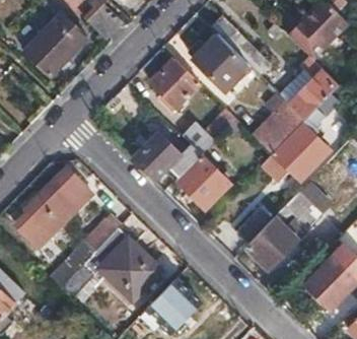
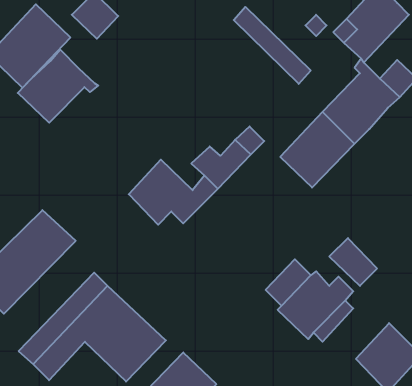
building: [193,33,248,89] -> none
building: none -> [18,49,98,123]
building: [150,57,199,112] -> none
building: [272,109,329,181] -> none
building: [173,154,229,209] -> none

